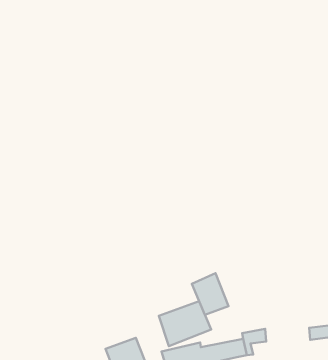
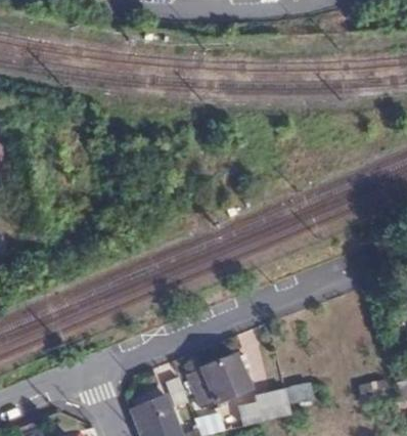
building: [192,273,228,315] -> none

